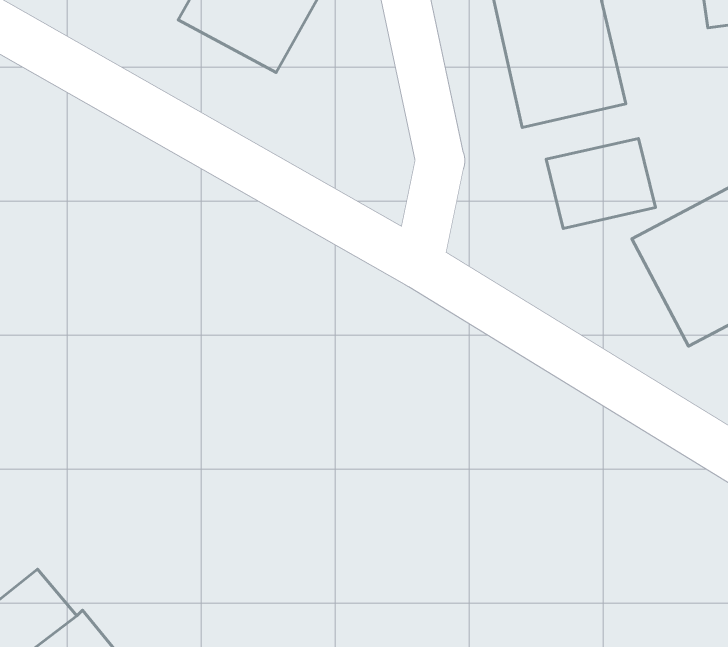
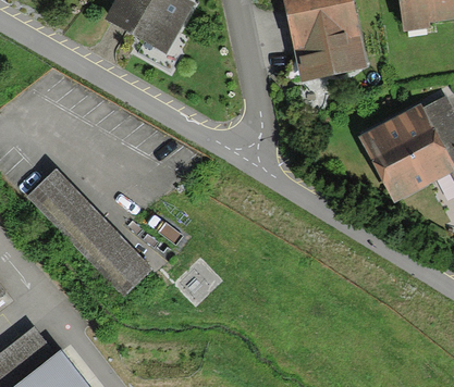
building: [546,138,656,228] -> none
building: none -> [29,171,161,301]

